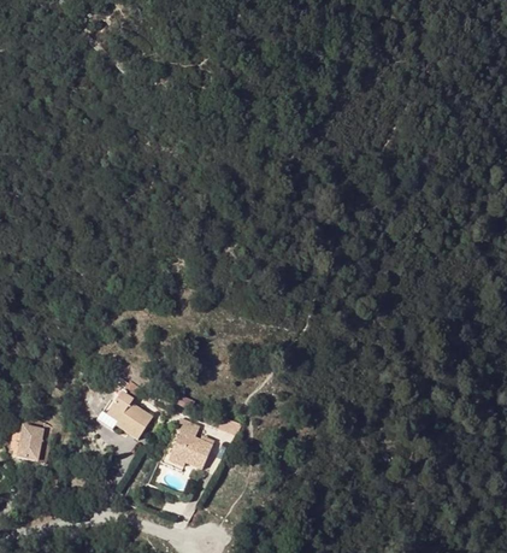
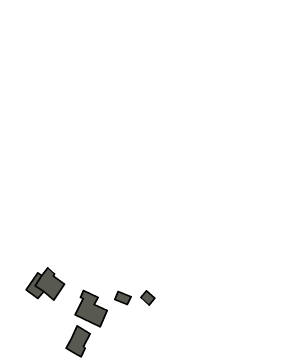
building: none -> [66,326,90,357]

